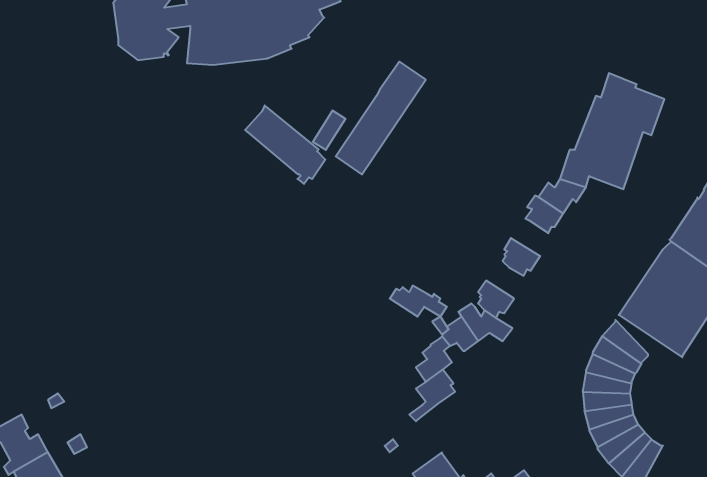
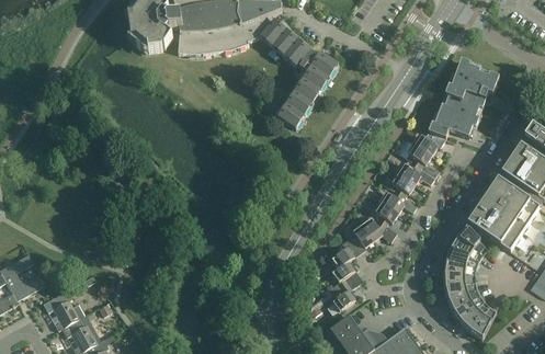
building: [245,105,325,184] -> [259,19,313,71]
building: none -> [395,159,434,183]
building: [390,286,447,317] -> [378,191,417,212]
building: none -> [331,274,362,310]

